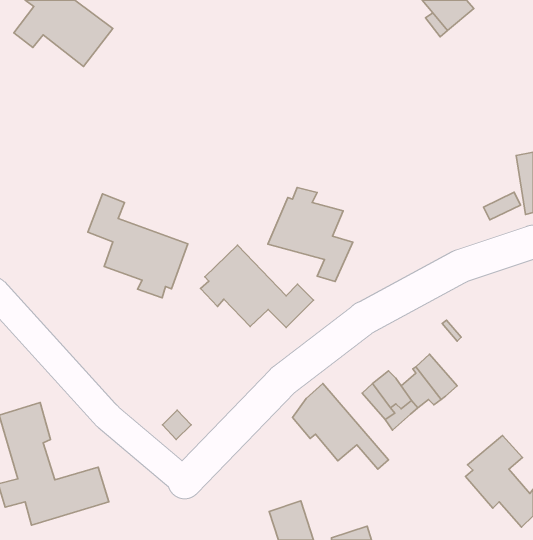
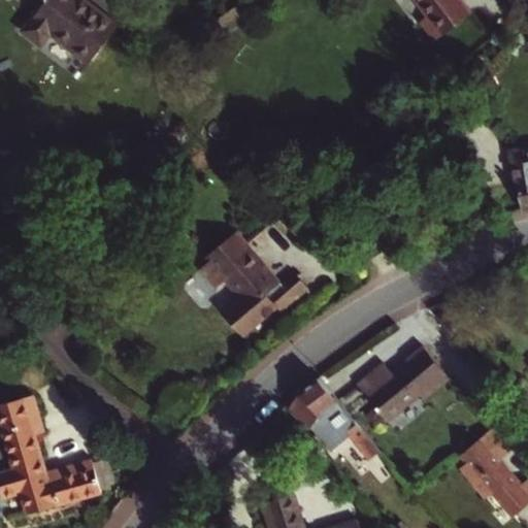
building: [268,187,353,282] -> none
building: [88,194,188,298] -> none

